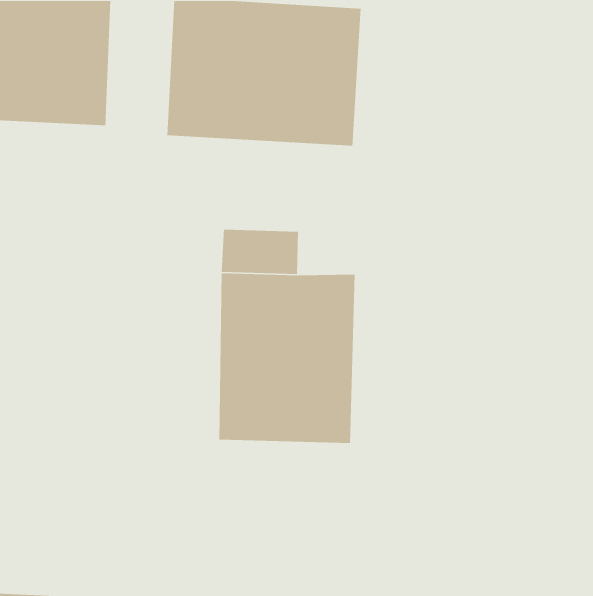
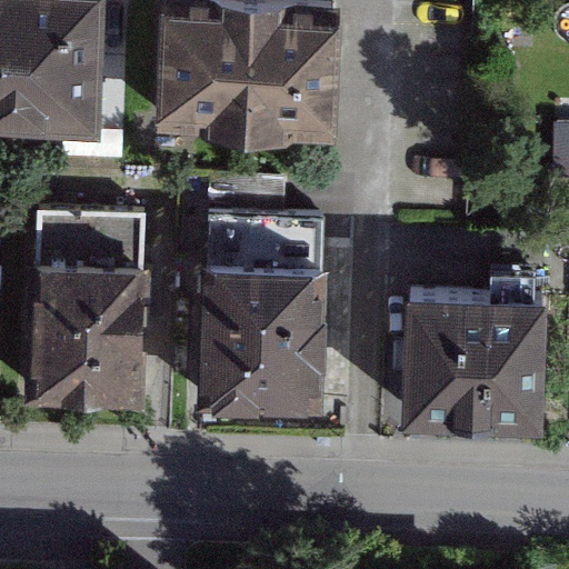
building: none -> [20,218,130,407]
building: none -> [408,291,541,429]

